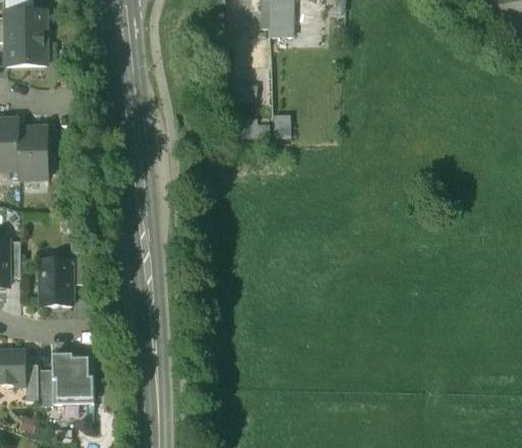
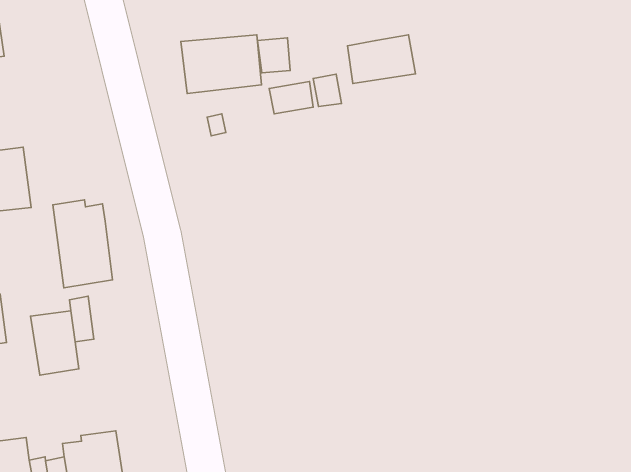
building: none -> [181,35,262,93]
building: none -> [348,35,415,84]
building: none -> [53,200,113,288]

